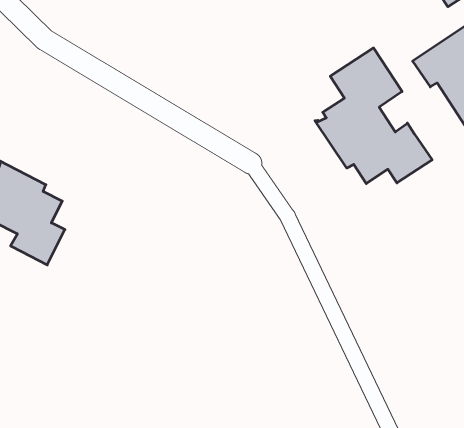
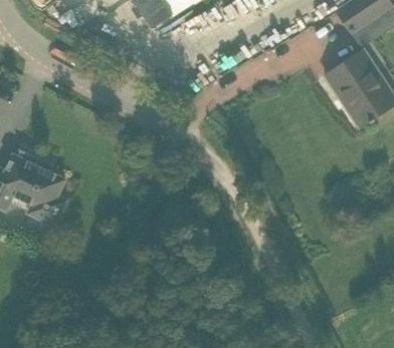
building: [315,48,432,184] -> none

